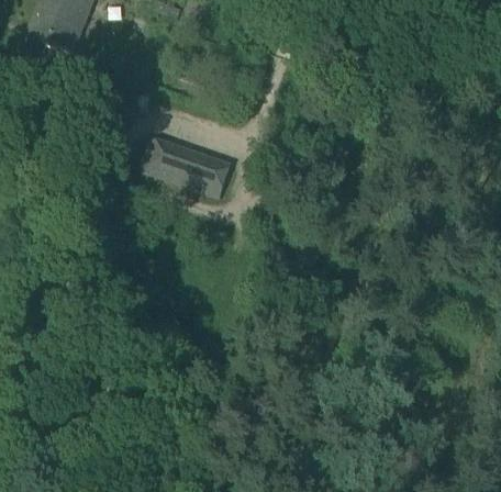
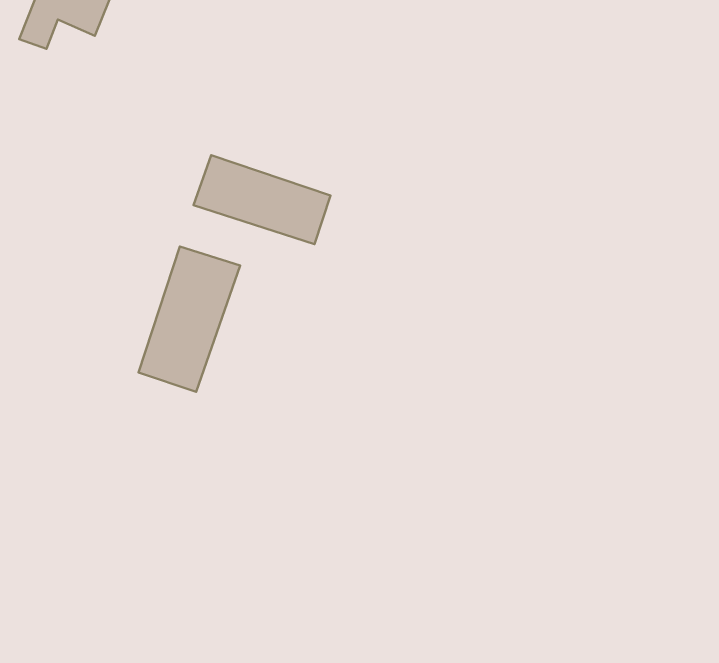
building: none -> [139,247,240,392]

